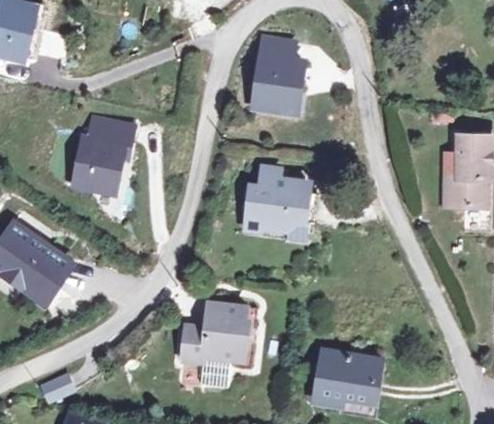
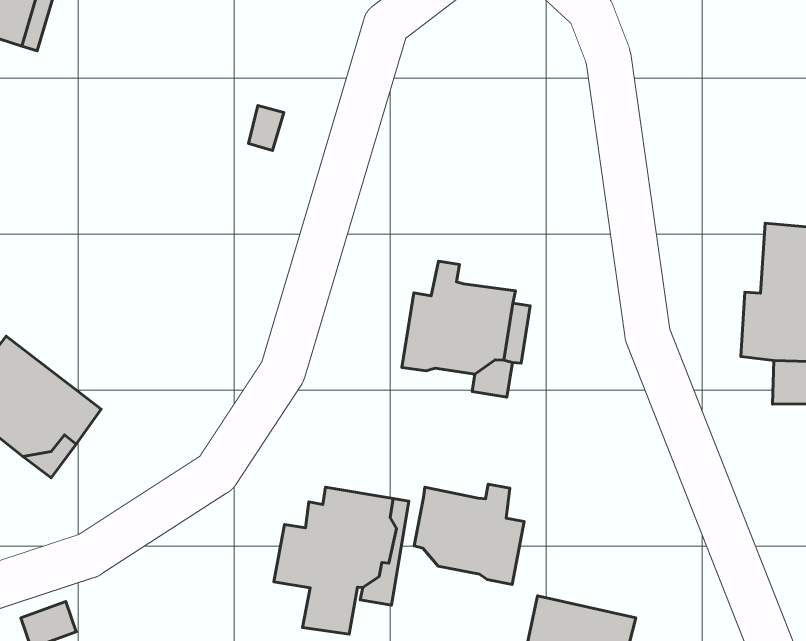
building: [253,38,306,115] -> none
building: [72,120,130,194] -> none
building: none -> [414,484,524,585]

